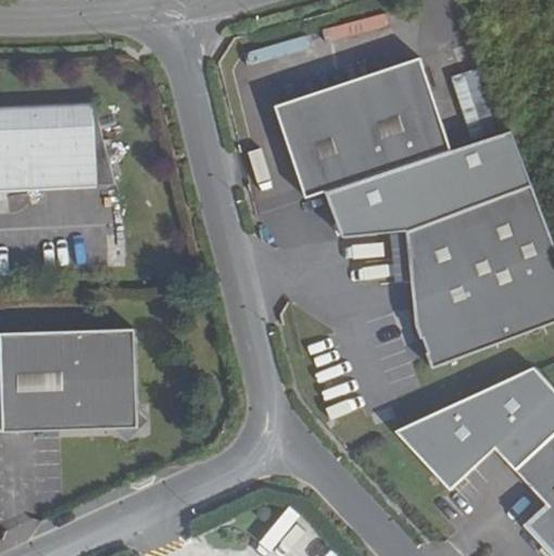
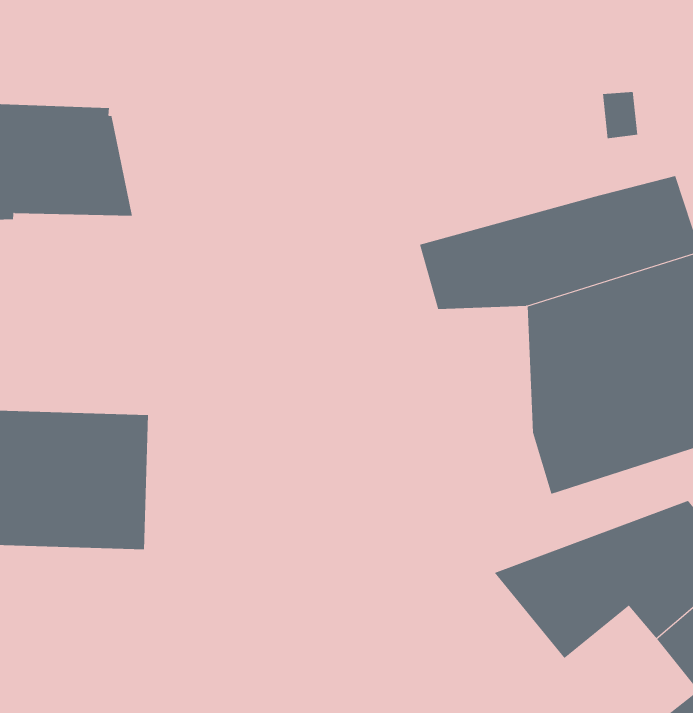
building: [276,58,449,197] -> none

